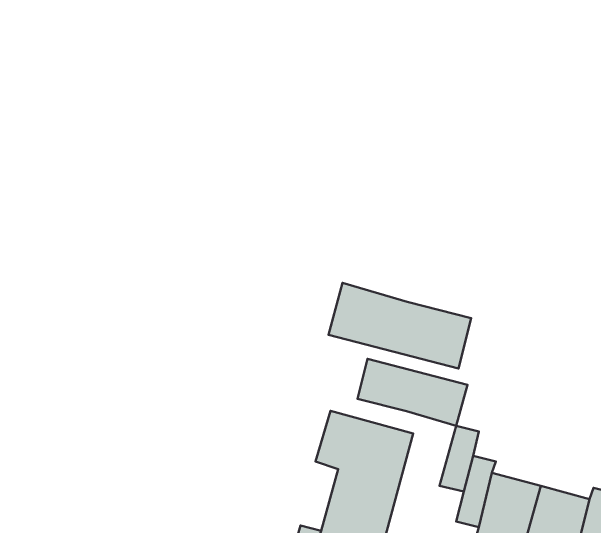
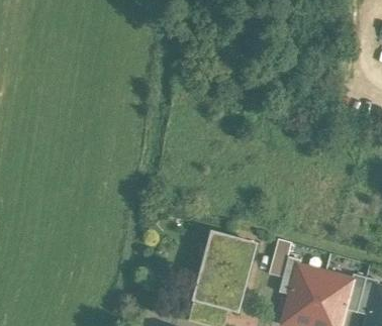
building: [328,283,471,369] -> none
building: [357,359,467,426] -> none

